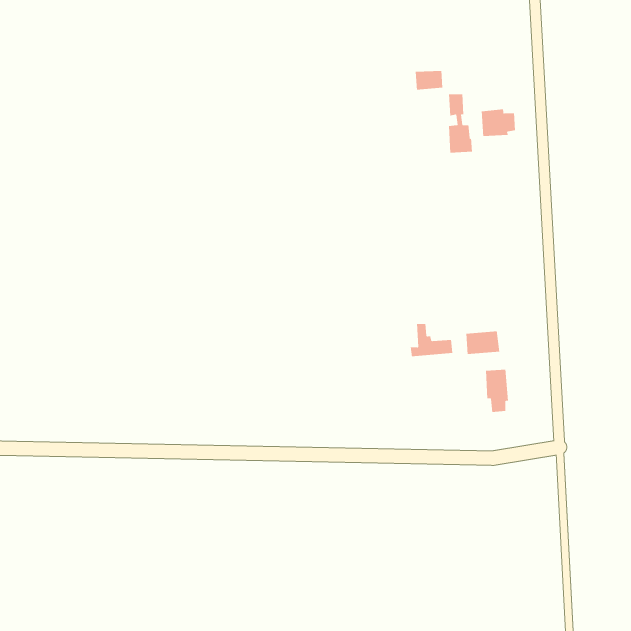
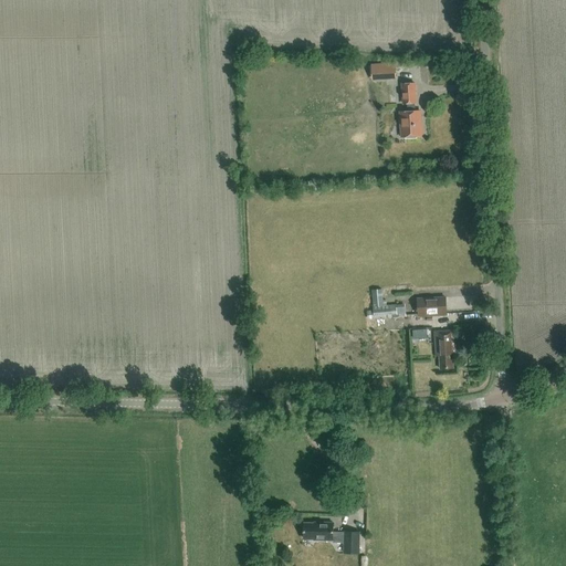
building: [481,108,515,137] -> none
building: none -> [304,522,360,555]

